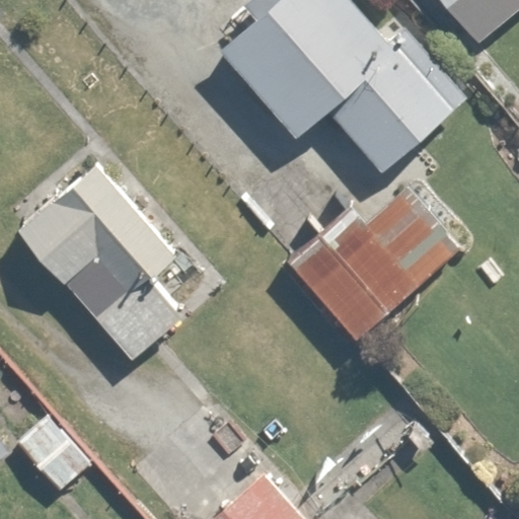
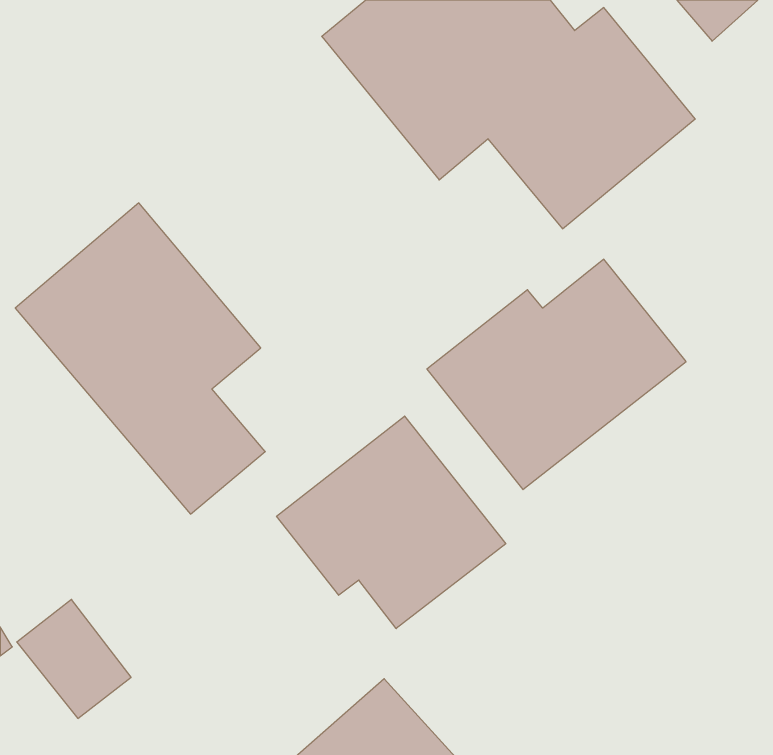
building: none -> [277,416,506,629]

